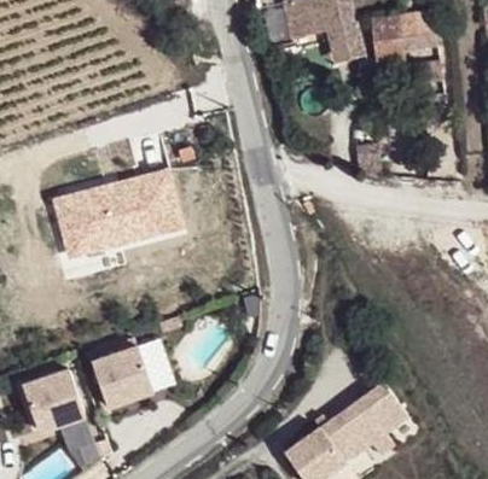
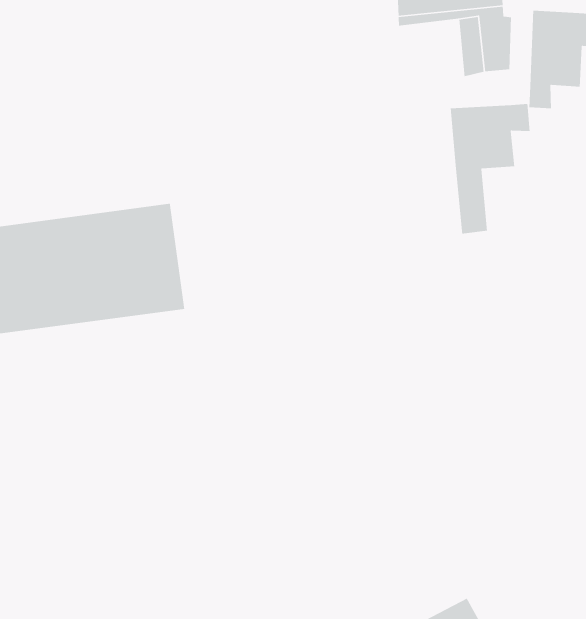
building: none -> [450,103,531,234]
building: [97,344,158,405] -> none

